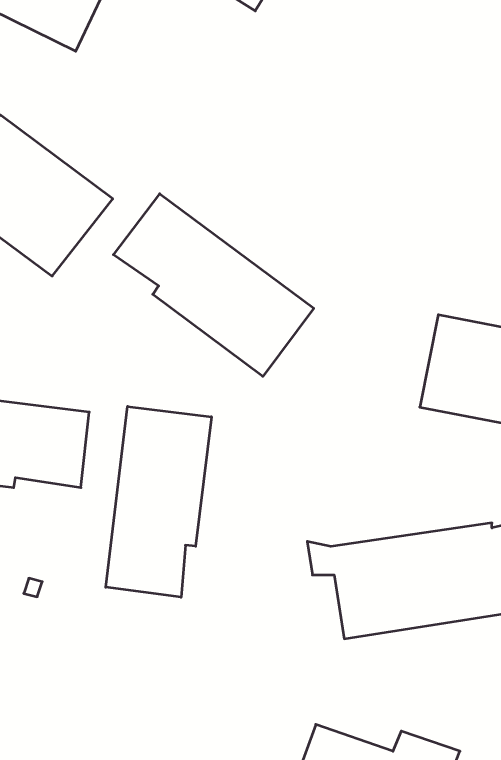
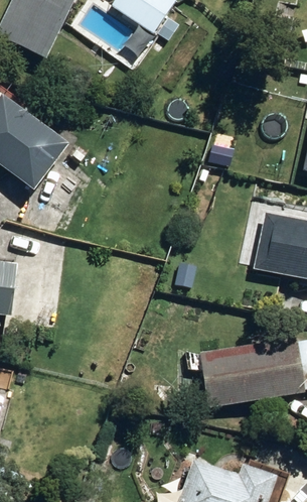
building: [113,194,314,376] -> none
building: [106,406,211,597] -> none

